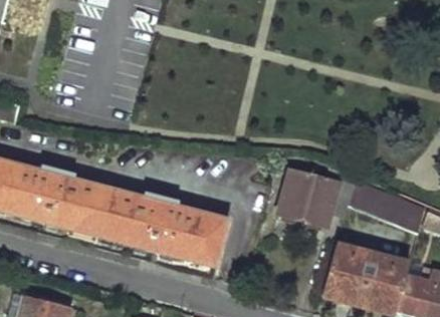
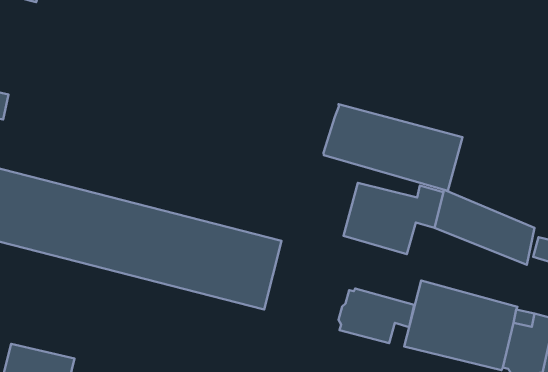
building: none -> [324,104,463,191]
building: none -> [339,288,414,343]

